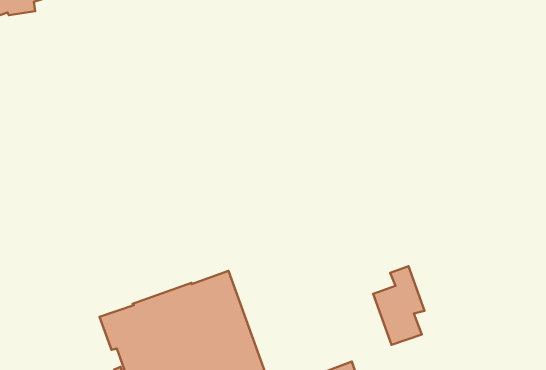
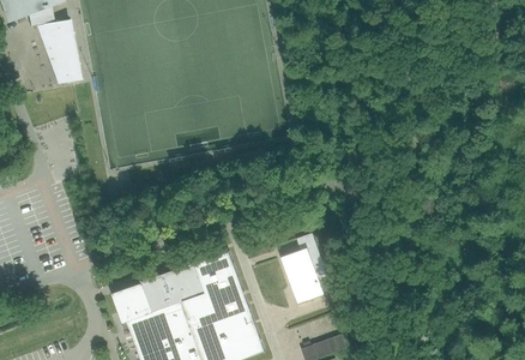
building: none -> [35,19,79,83]
building: [373,266,424,345] -> [279,232,326,304]

